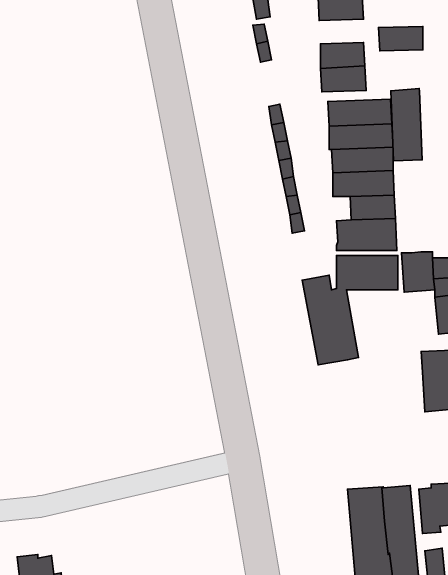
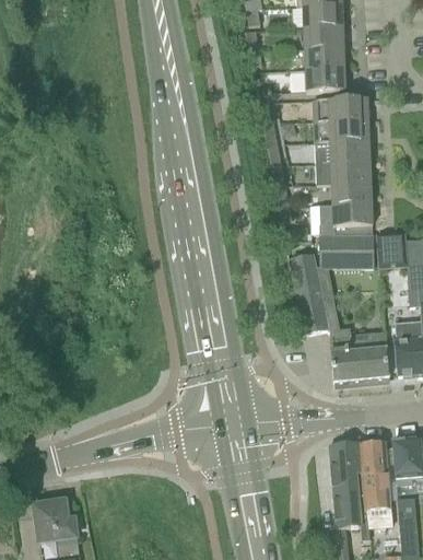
building: [379,26,423,51] -> [304,26,343,48]
building: [391,89,422,161] -> none
building: none -> [329,327,389,382]

